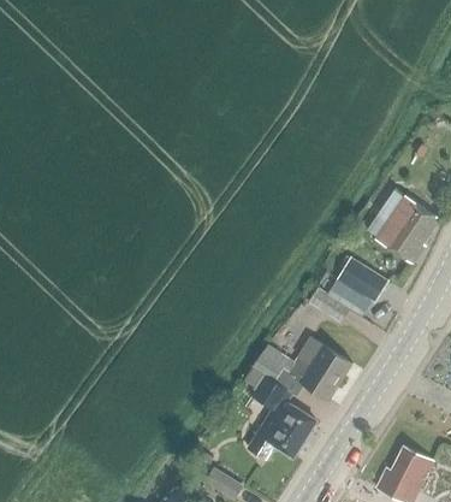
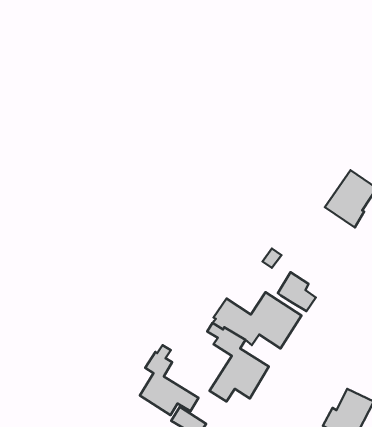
building: [336,255,379,300] -> [278,272,316,311]
building: none -> [140,345,198,415]

